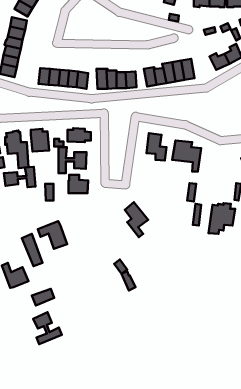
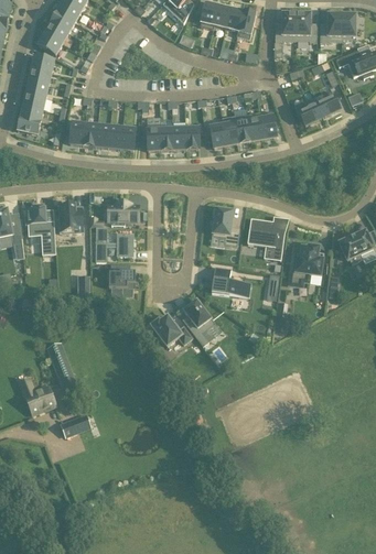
building: [4,167,35,187] -> none
building: none -> [212,265,251,297]
building: [208,203,235,234] -> [289,245,324,285]
building: none -> [151,315,182,345]
building: [38,221,67,249] -> none
building: [33,312,62,344] -> none

